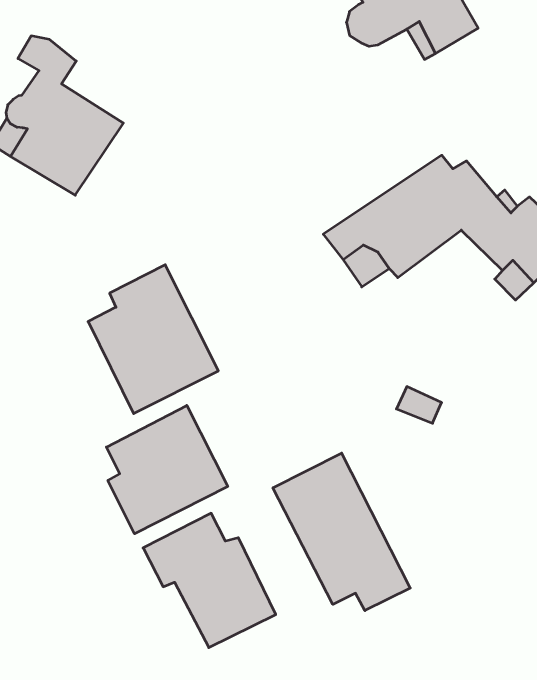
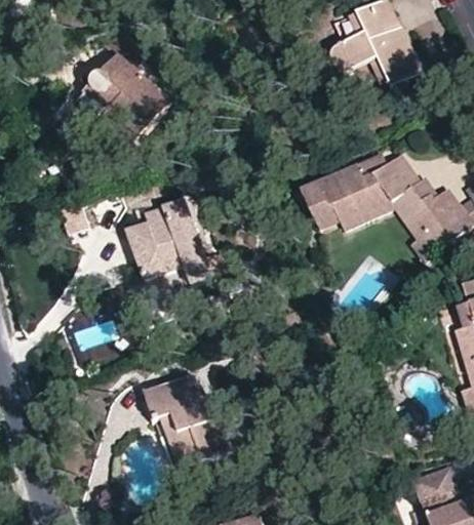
building: [106,405,228,534] -> none
building: [273,453,410,611] -> none

